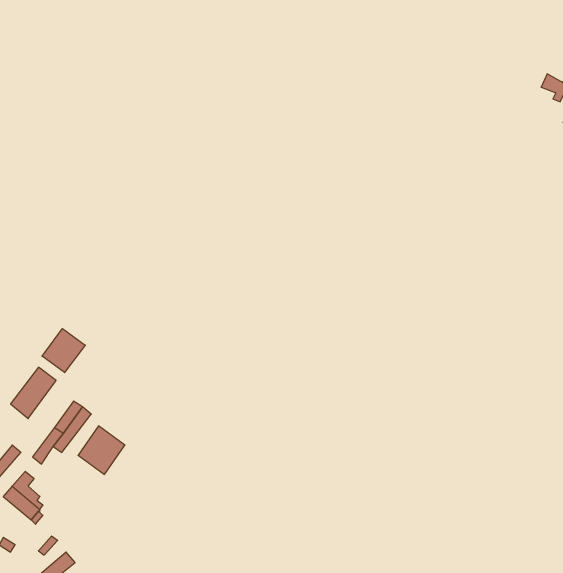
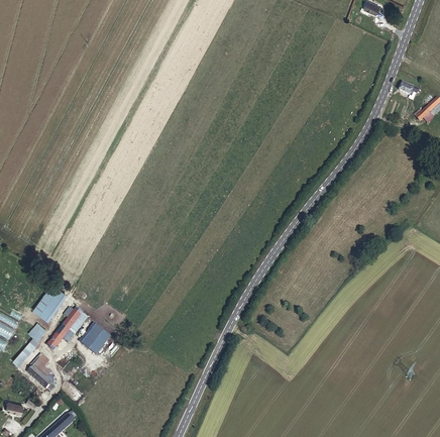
building: [42,329,85,373] -> none

